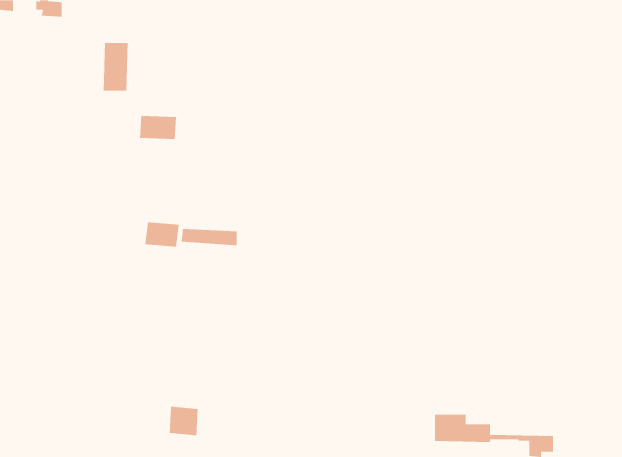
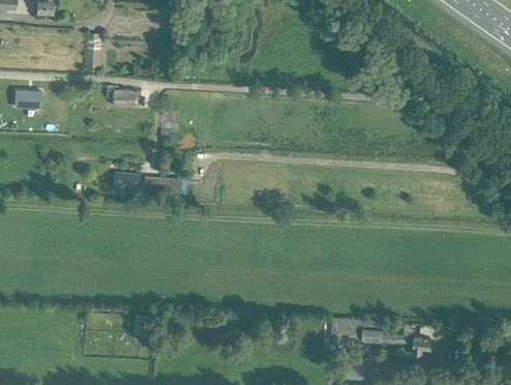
building: none -> [12,90,39,109]

